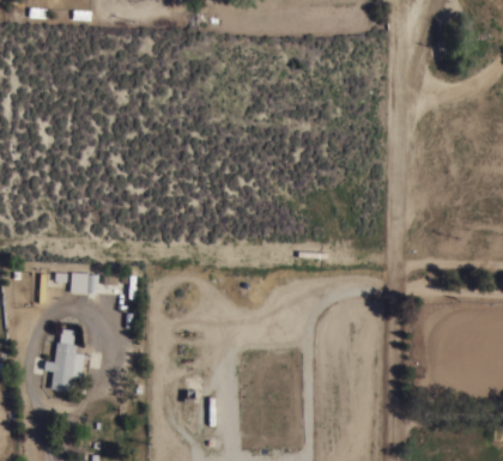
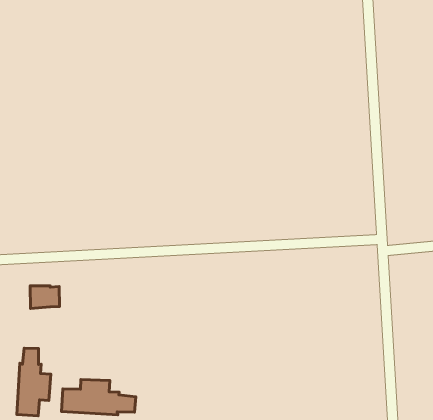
building: none -> [61,379,136,415]

